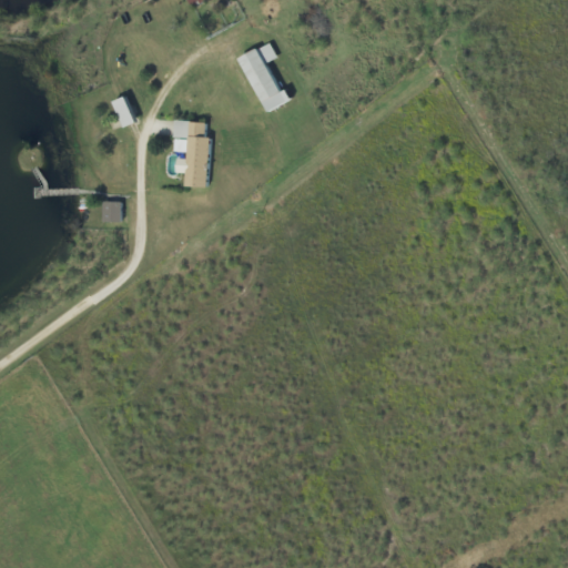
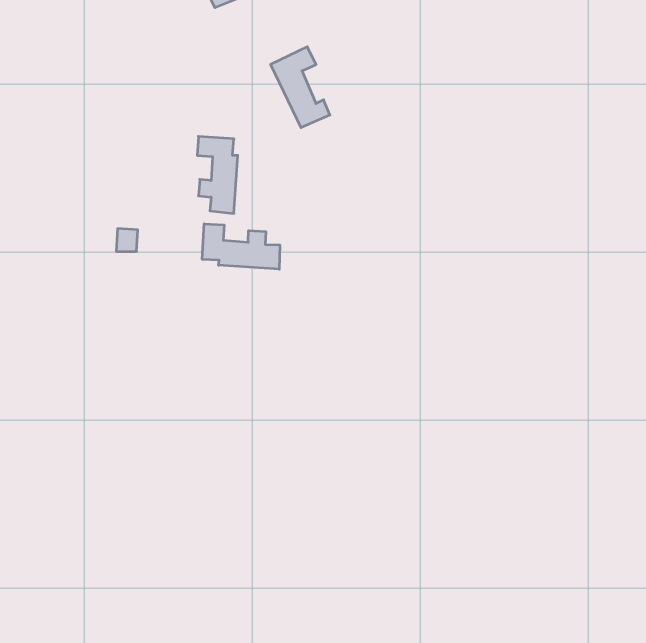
building: [113,94,136,126] -> none
building: none -> [202,224,280,269]

